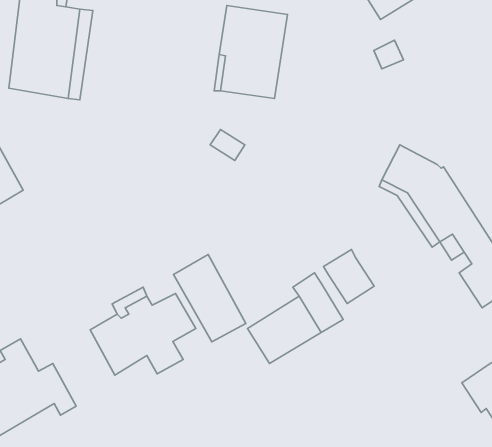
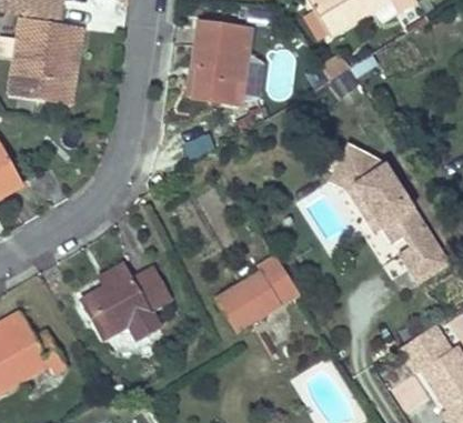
building: [323,249,374,304] -> none
building: [174,255,246,342] -> none

